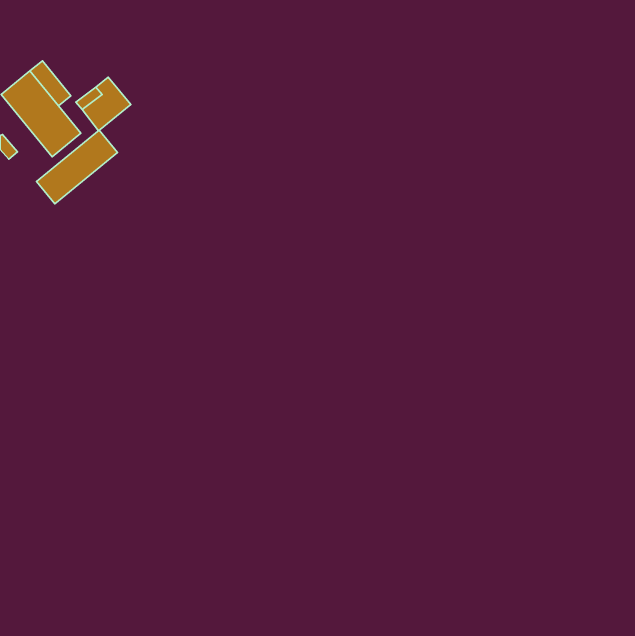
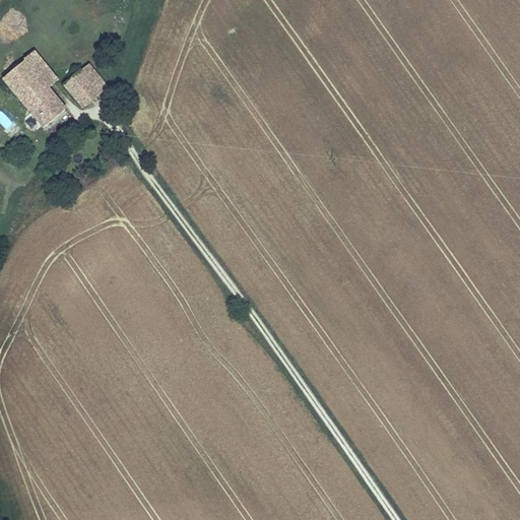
building: [36,130,117,204] -> none

